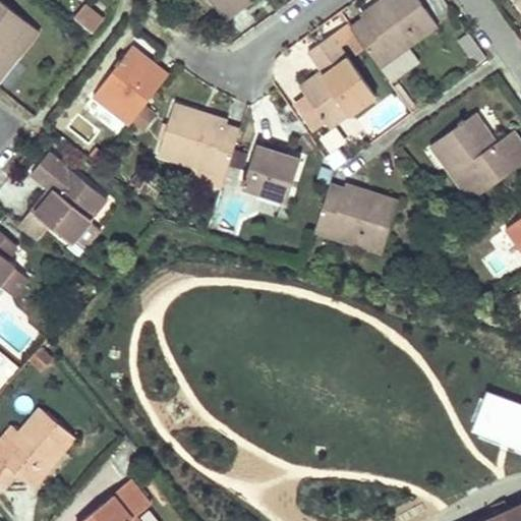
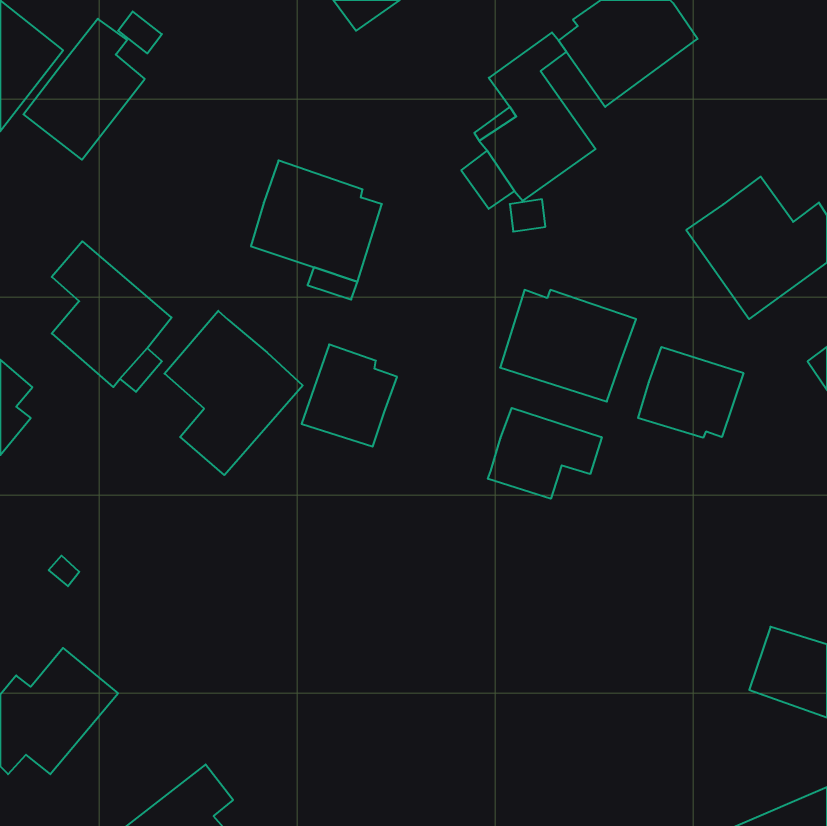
building: [93,36,169,124] -> [23,19,145,160]
building: [240,138,300,202] -> [302,344,397,447]
building: none -> [164,311,303,475]
building: none -> [638,347,743,438]
building: none -> [488,408,602,499]

